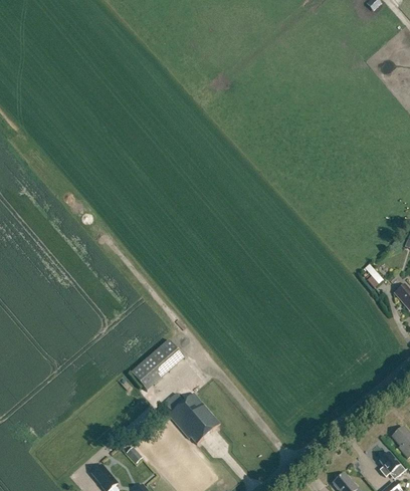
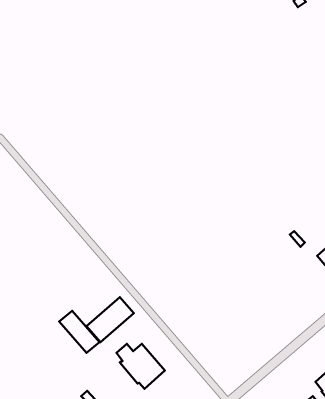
building: none -> [59,311,99,353]

